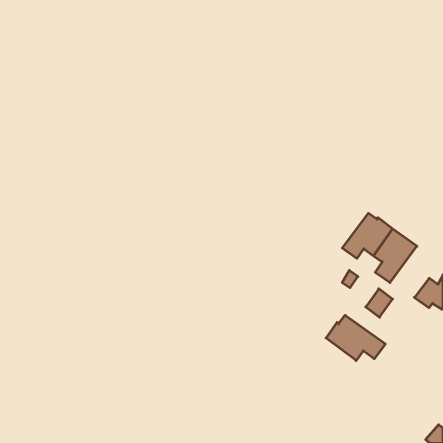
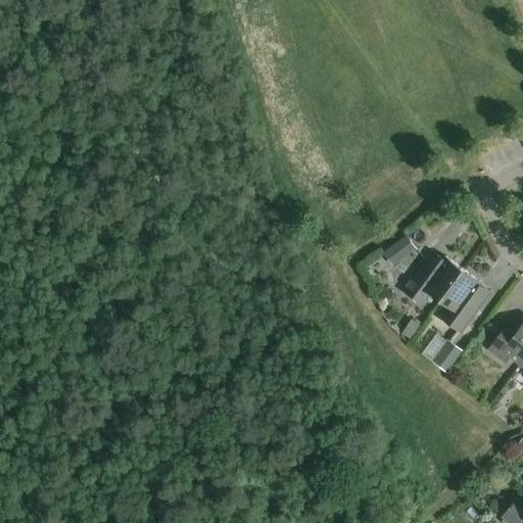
building: none -> [381,236,416,268]
building: [326,315,385,361] -> none

